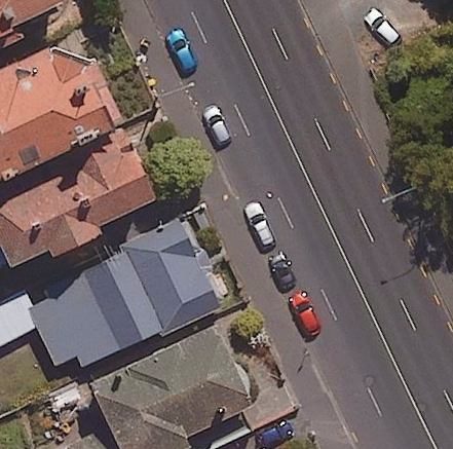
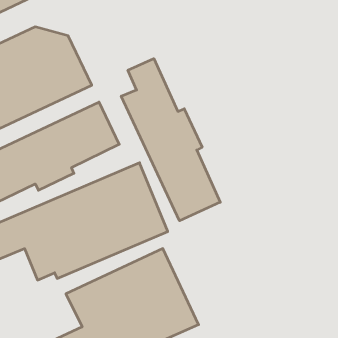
building: none -> [121,59,220,221]

